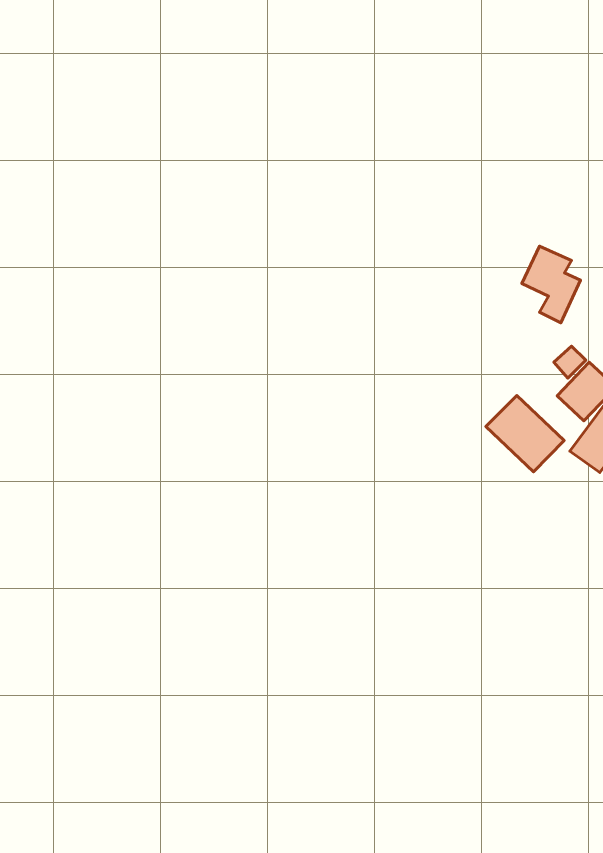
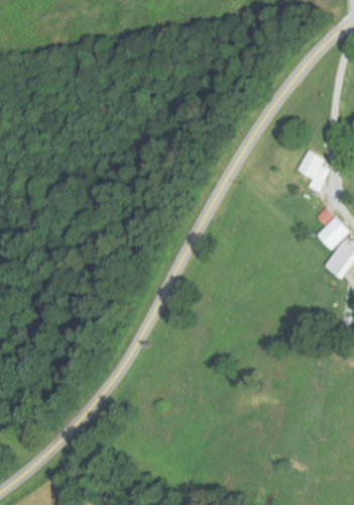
building: [486,395,564,472] -> none

